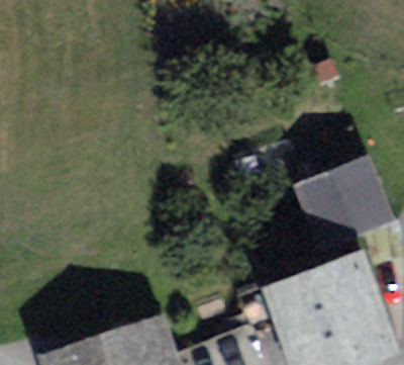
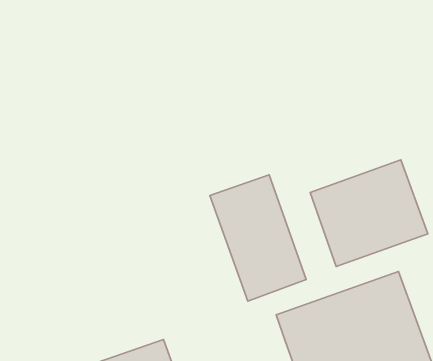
building: none -> [210,175,306,301]

